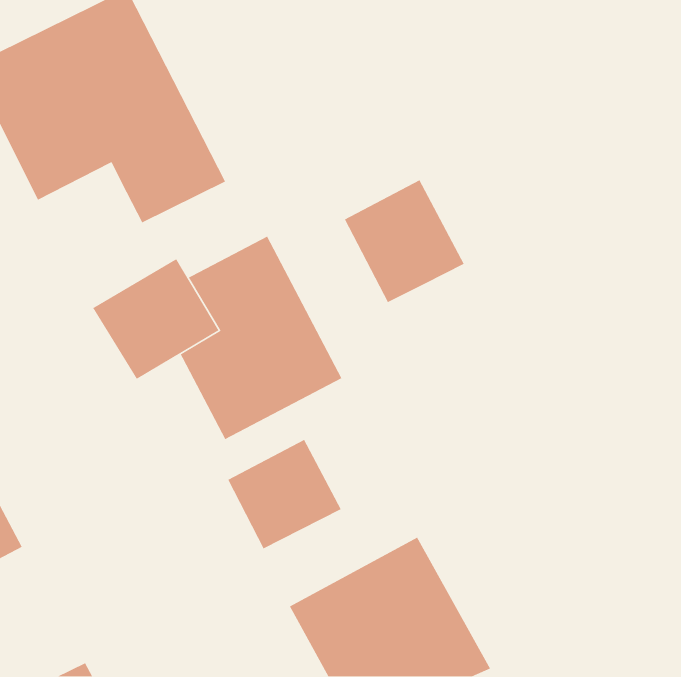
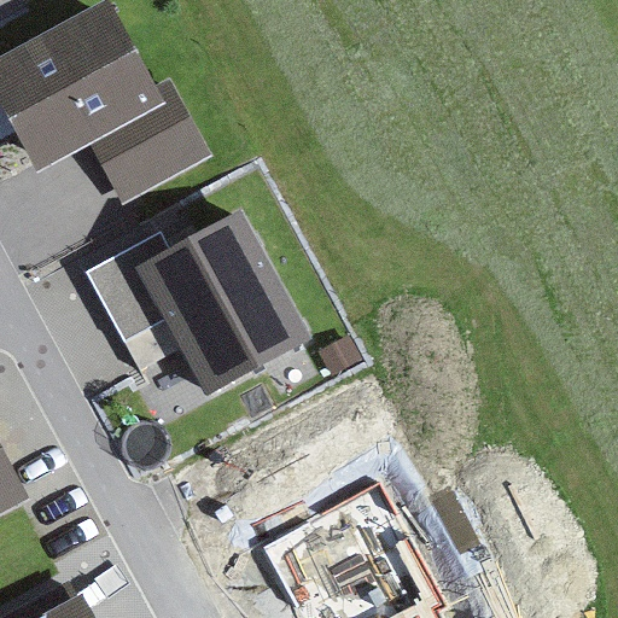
building: [344,179,465,303] -> none
building: [227,439,342,549] -> none

